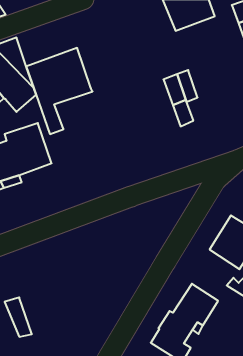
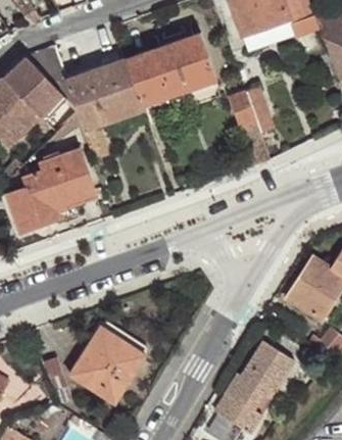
building: none -> [126,32,216,106]
building: none -> [68,326,145,403]

